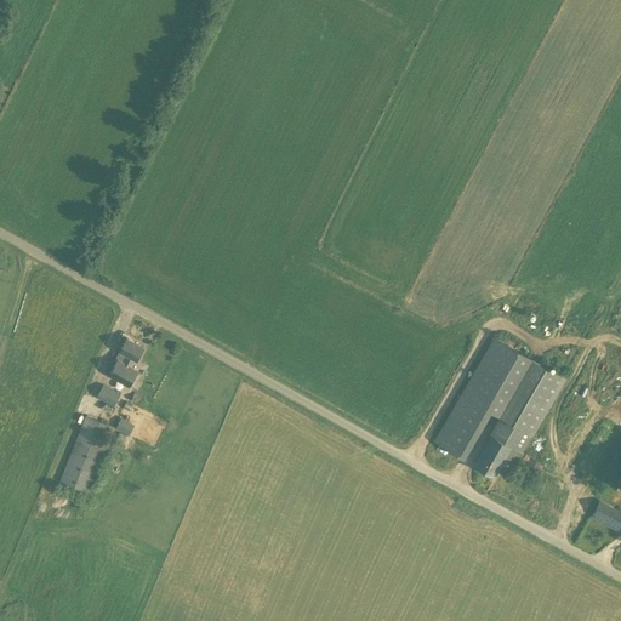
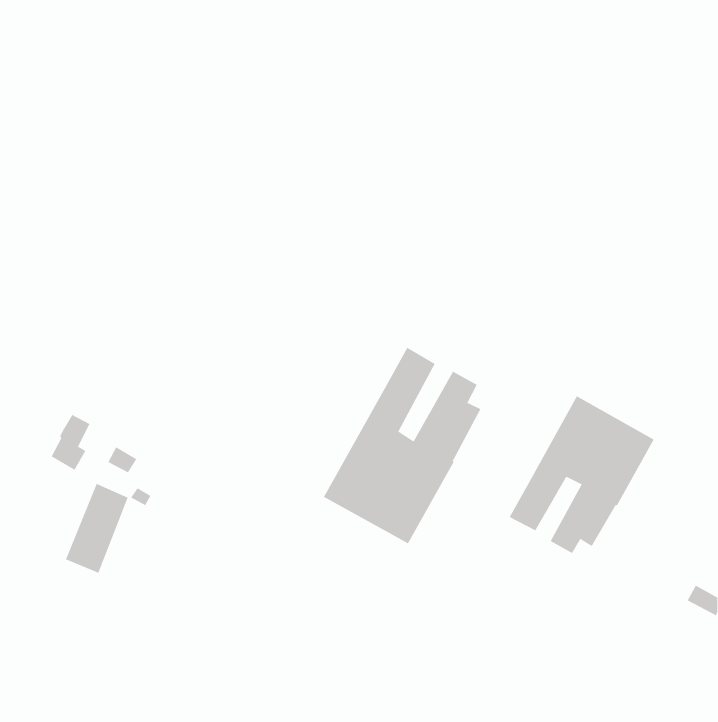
building: none -> [323,347,481,544]
building: [106,338,139,387] -> [51,414,90,471]

